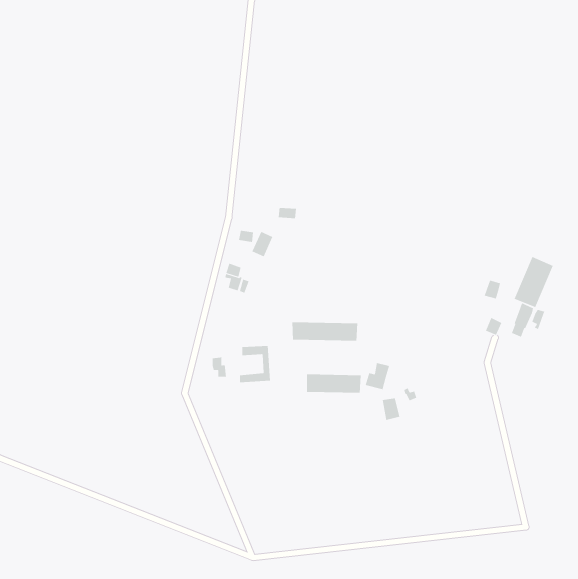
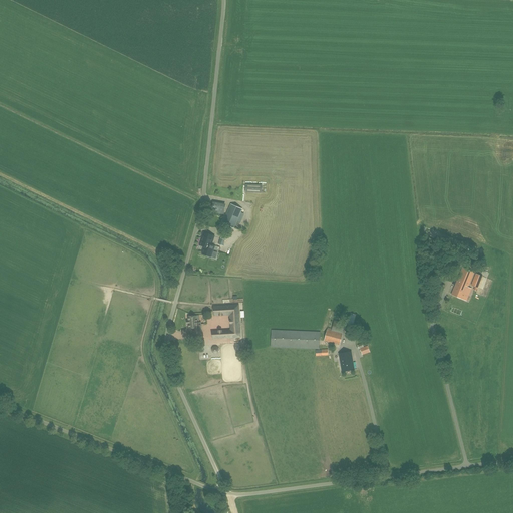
building: [514,256,554,308] -> none
building: [292,321,358,341] -> none

